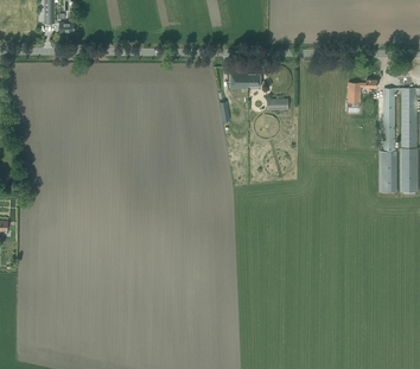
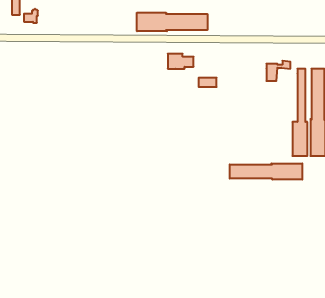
building: none -> [137,13,207,31]
building: none -> [230,163,302,180]

